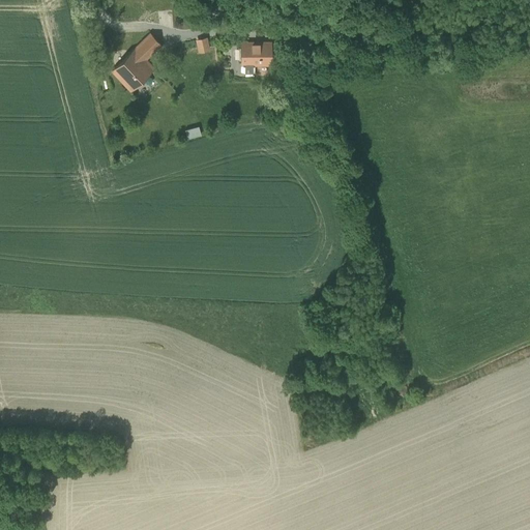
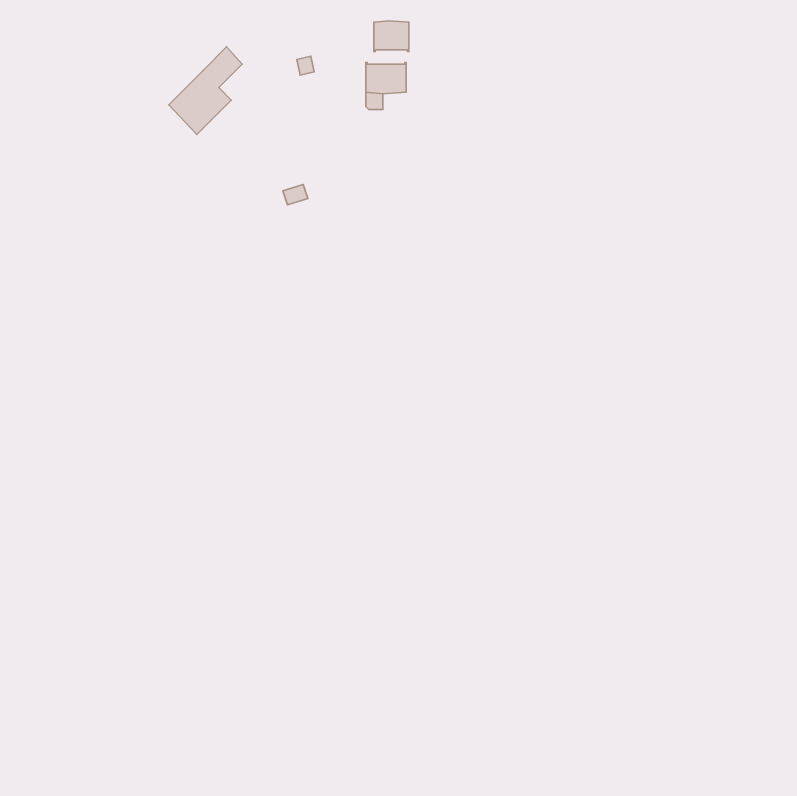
building: none -> [374,21,409,51]

